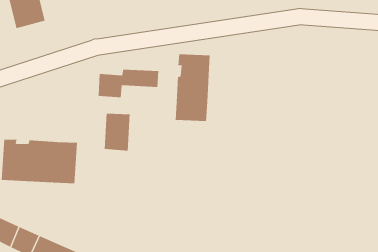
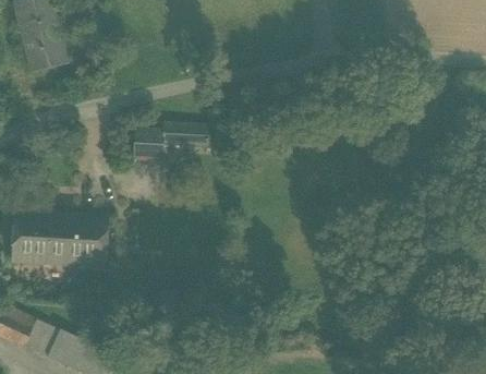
building: [175,53,210,122] -> none
building: [104,113,130,151] -> none

